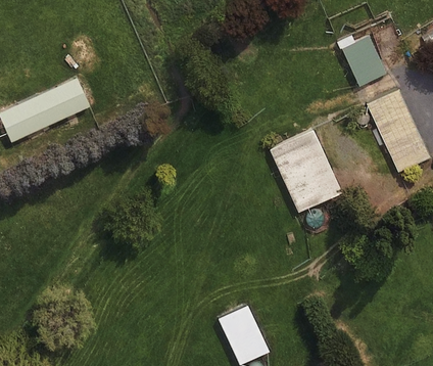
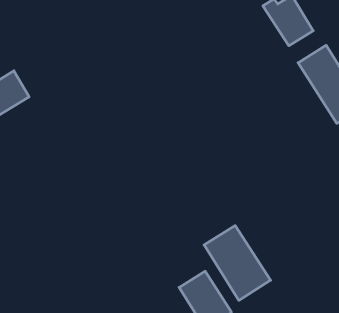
building: [270,130,341,212] -> none
building: none -> [204,226,271,300]

